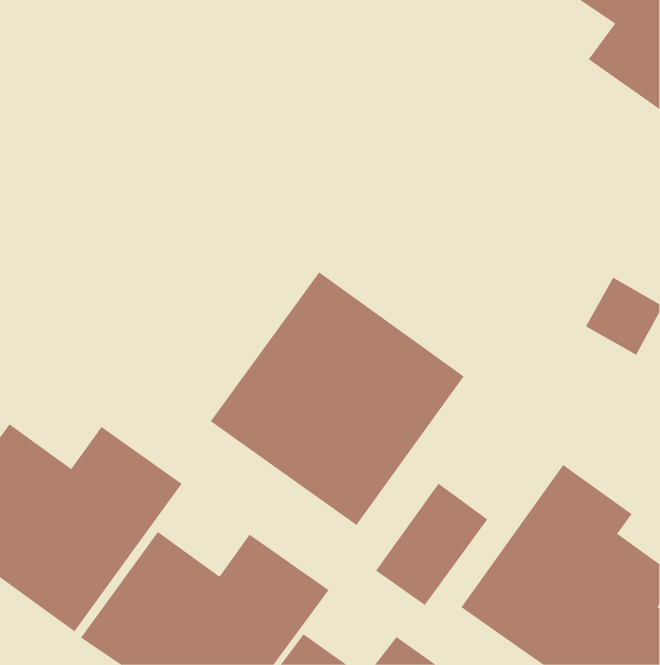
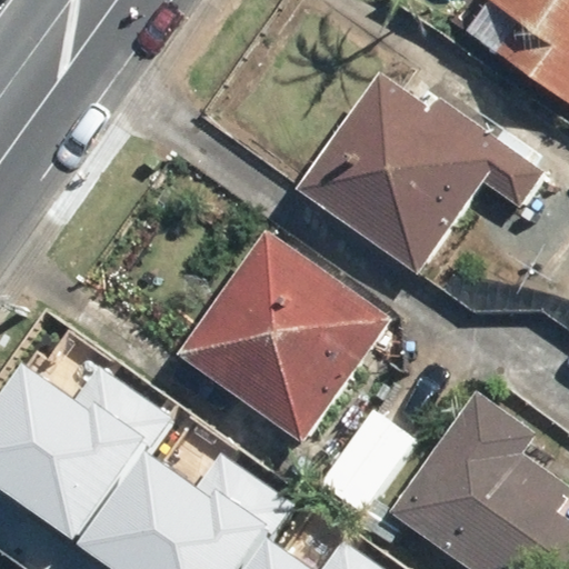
building: none -> [301,78,545,274]

